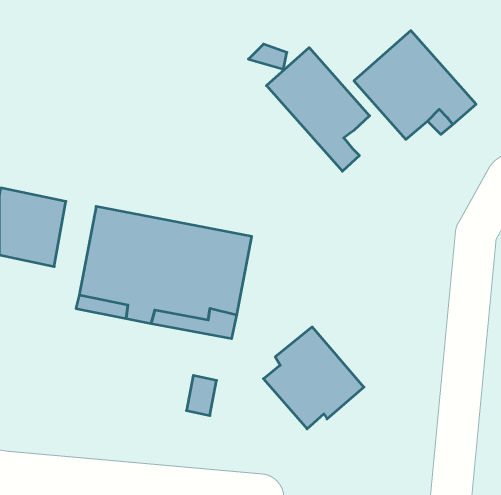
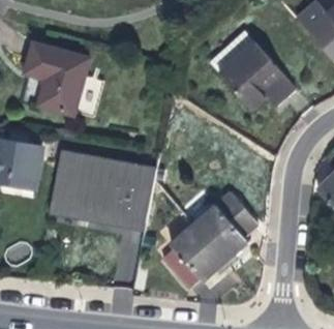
building: none -> [25,44,90,115]
building: [266,48,370,171] -> none
building: none -> [193,199,255,262]

